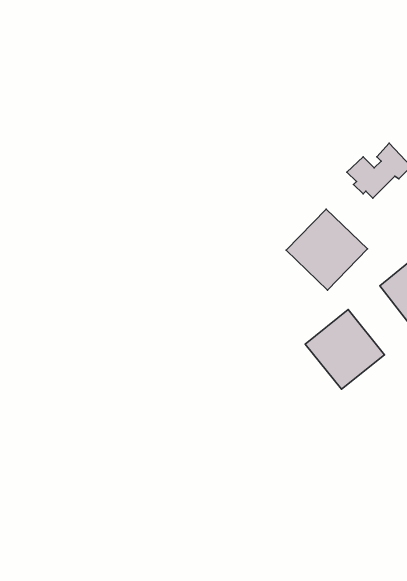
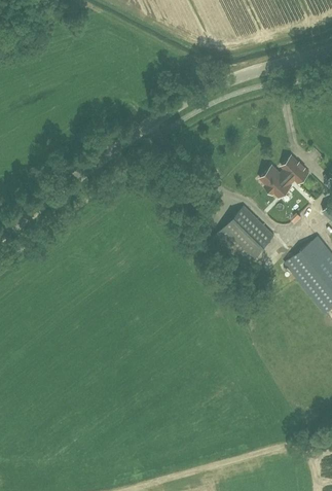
building: [305,310,384,389] -> none

